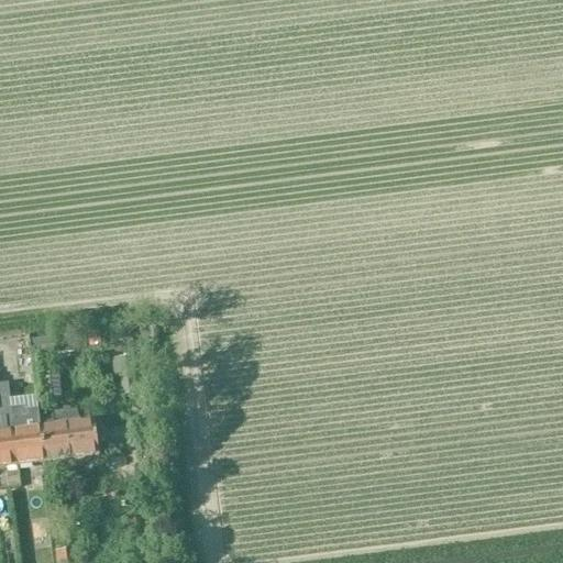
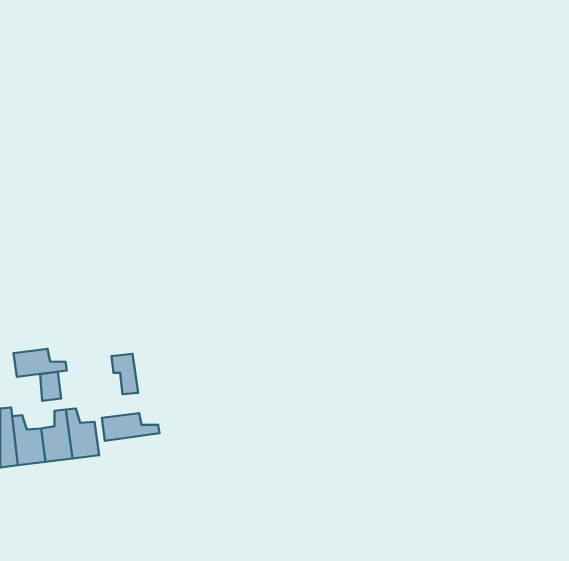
building: none -> [14,349,67,377]
building: none -> [102,413,159,441]

